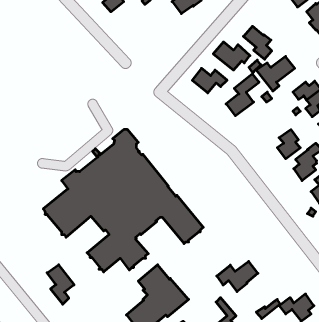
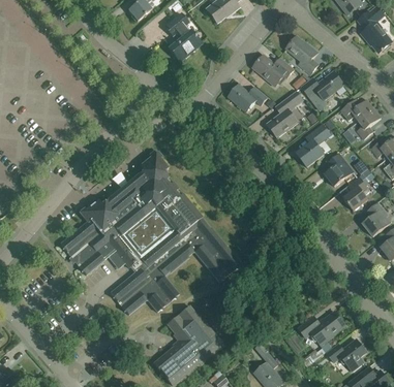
building: none -> [164,12,201,61]
building: none -> [297,124,331,167]
building: [217,261,258,292] -> [299,311,345,345]
building: [47,265,74,304] -> none

